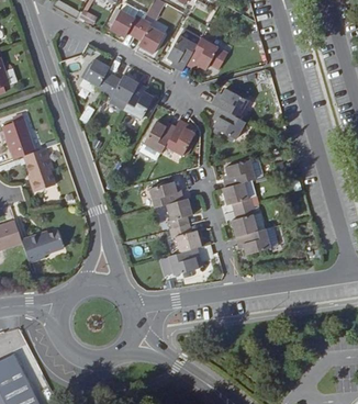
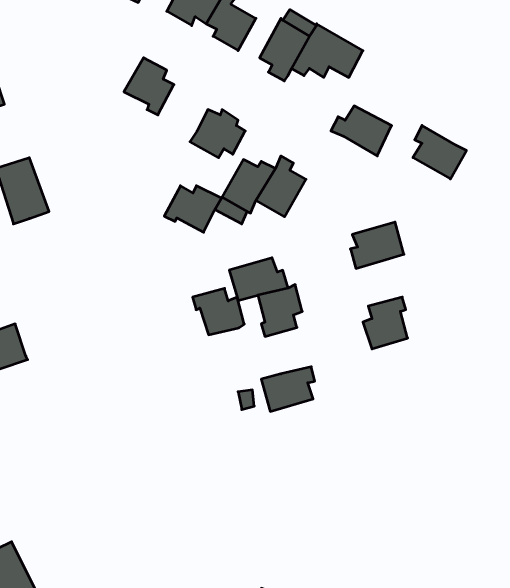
building: [103,74,138,102] -> [164,186,221,232]
building: [212,105,245,138] -> [413,125,466,179]
building: [24,149,55,192] -> none
building: [221,181,254,210] -> none
building: [169,223,201,251] -> [193,288,244,335]
building: [235,228,270,254] -> none
building: [22,231,65,262] -> none

